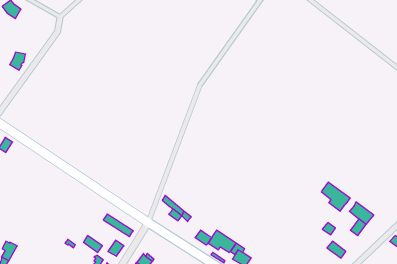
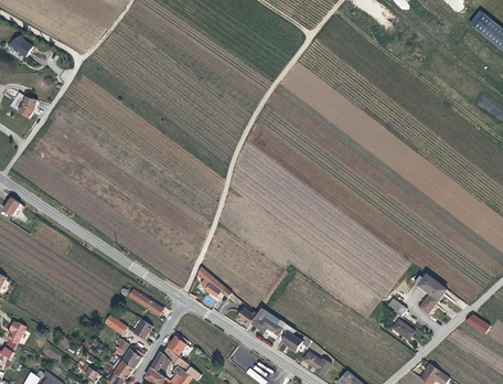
building: [321,182,350,211] -> none

